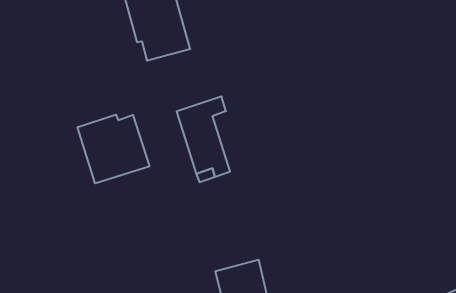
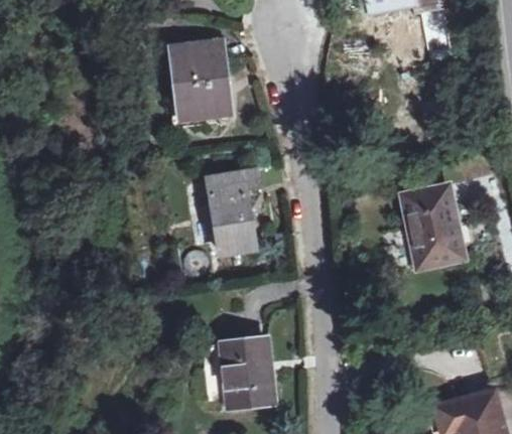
building: none -> [401,186,463,268]
building: [78,115,149,183] -> none

